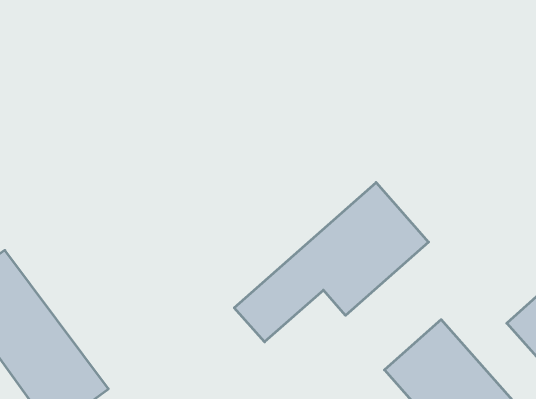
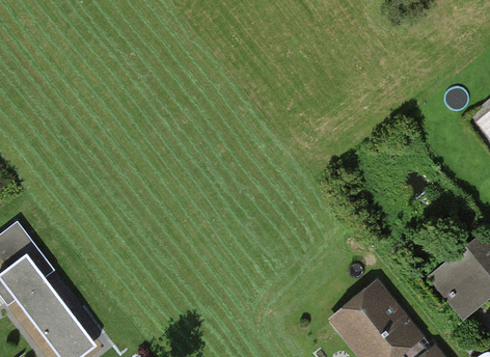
building: [234,182,429,342] -> none

